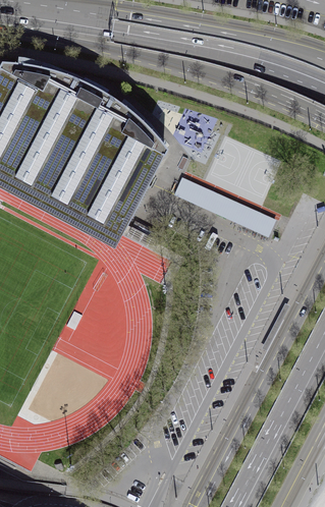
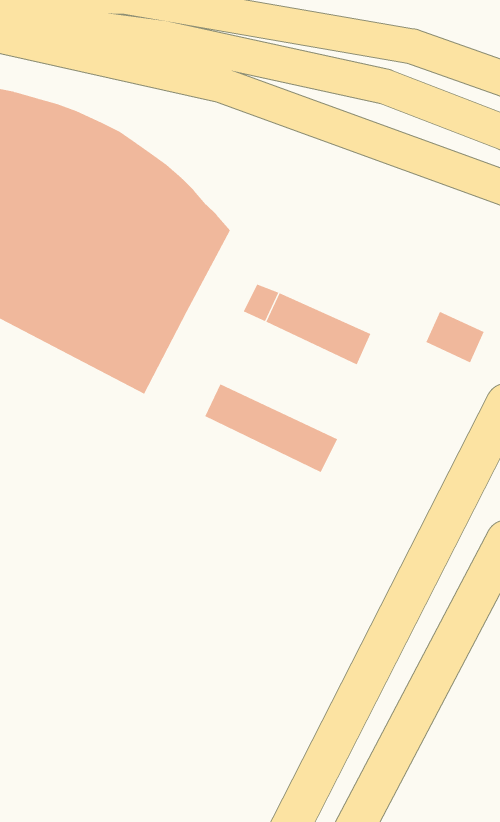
building: [229,201,264,231] -> [426,311,484,363]
building: none -> [205,383,338,473]

